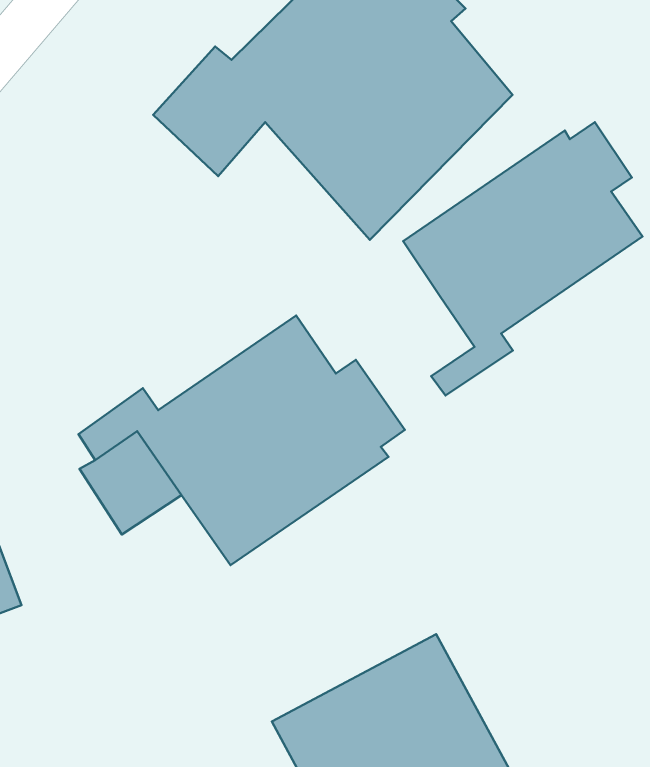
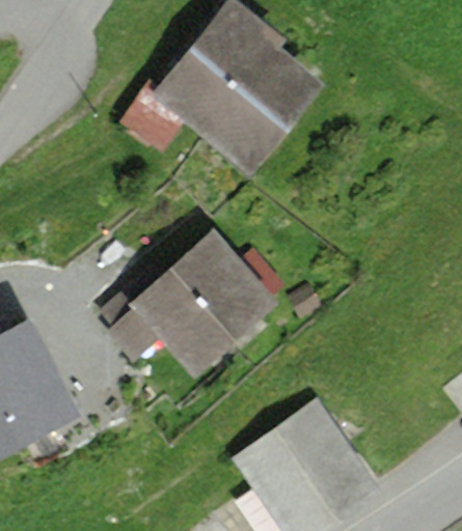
building: [403,122,642,395] -> none

